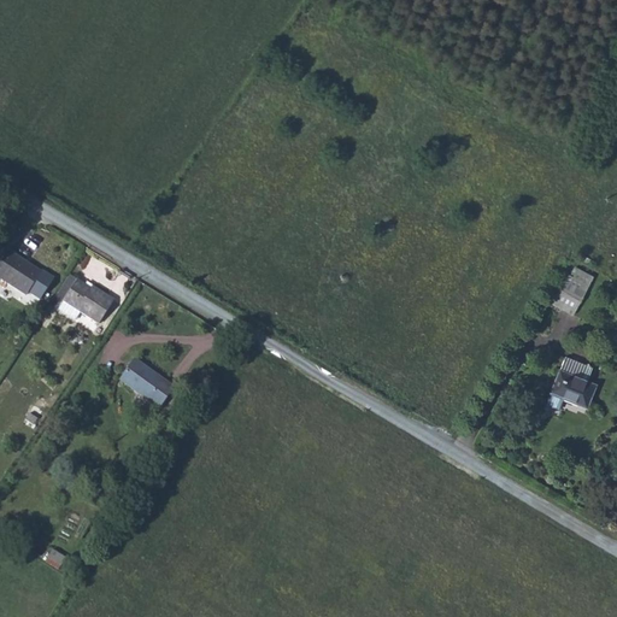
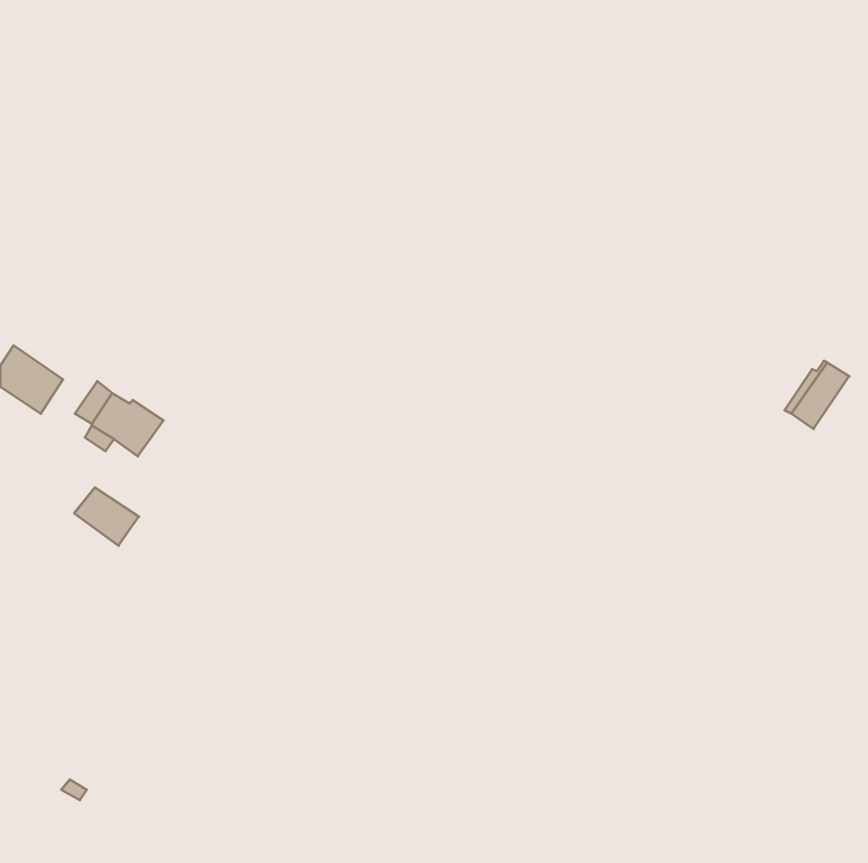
building: [548,352,598,400] -> none
building: [121,359,166,400] -> [74,488,139,546]

